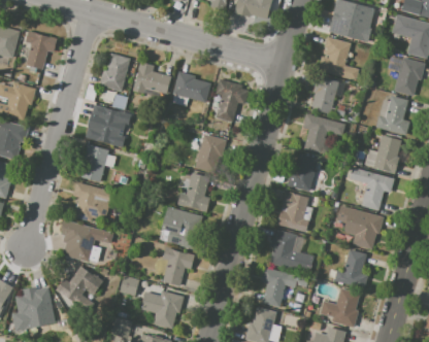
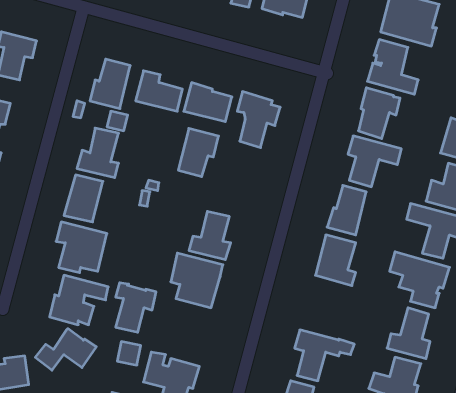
building: [196,134,228,172] -> [178,128,219,177]
building: [269,229,315,274] -> none
building: [163,247,195,286] -> [116,283,156,332]

